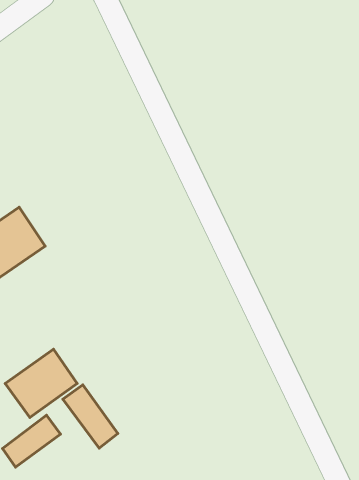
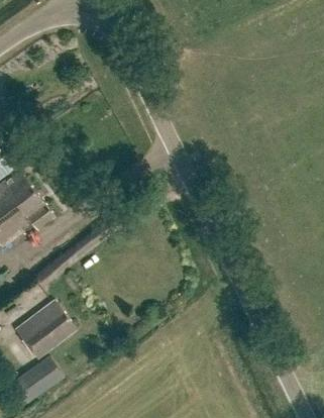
building: [63,385,118,448] -> none

